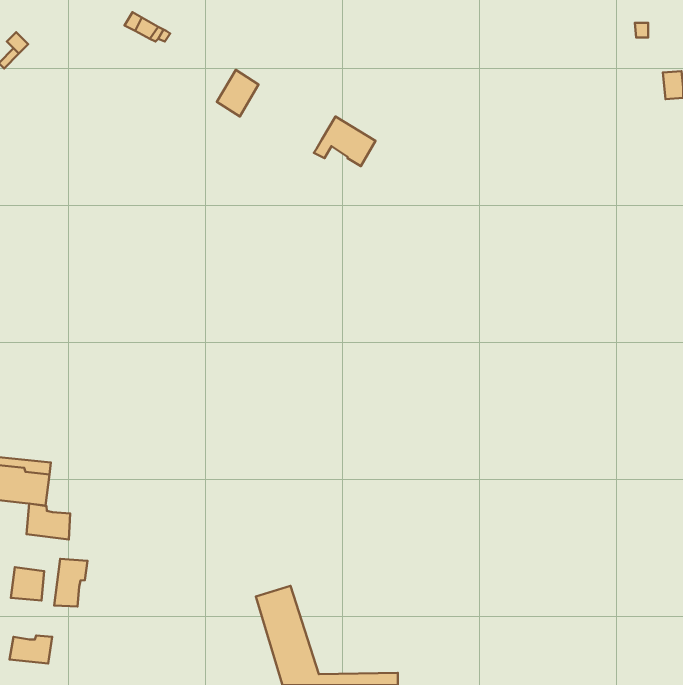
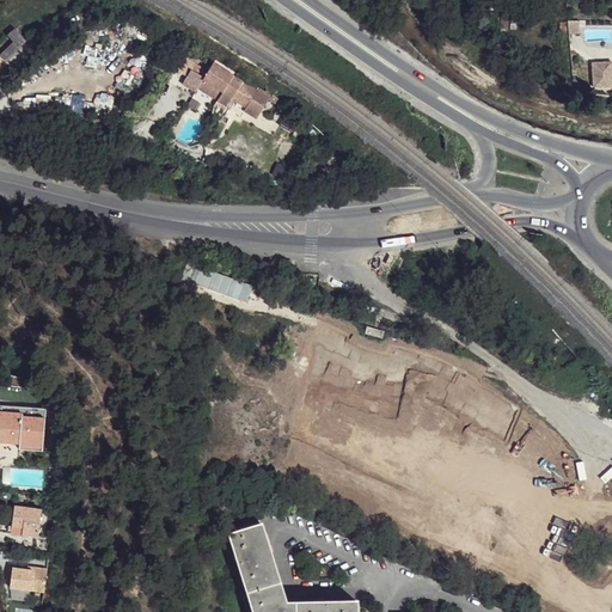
building: [314,117,376,166] -> [214,72,269,116]
building: [27,504,70,540] -> none
building: [54,559,88,606] -> none

